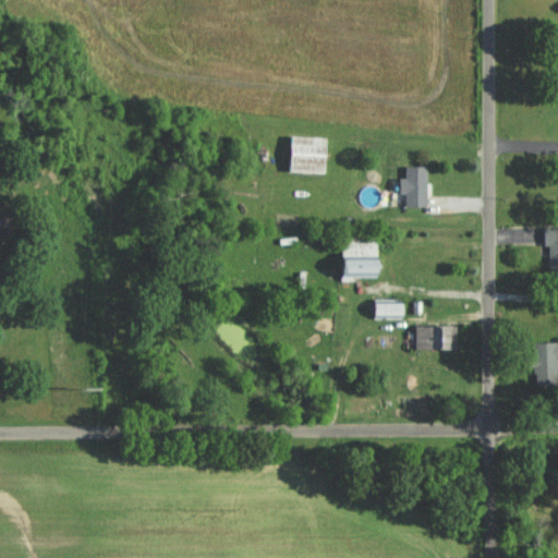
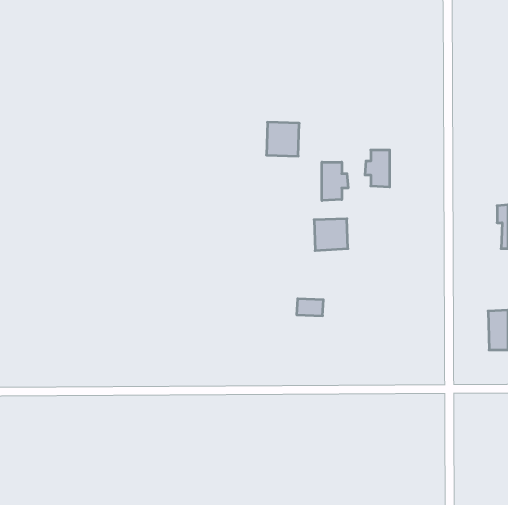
building: none -> [322,162,348,201]
building: [376,301,405,319] -> [297,299,323,316]
building: [416,326,456,351] -> none

